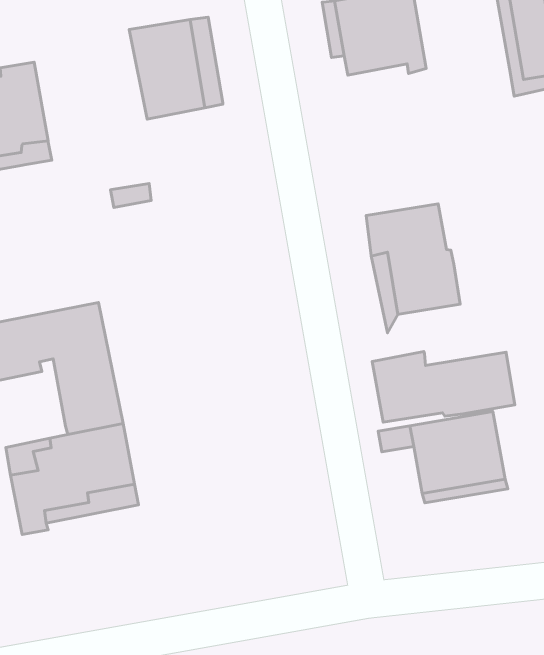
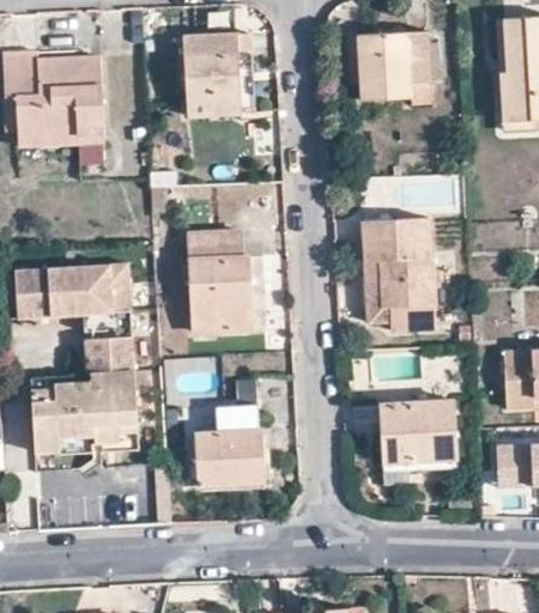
building: none -> [188,232,252,332]
building: [372,351,515,422] -> none
building: none -> [195,406,262,486]

